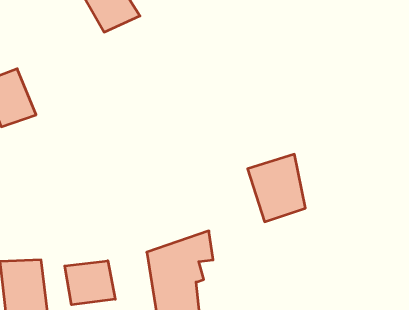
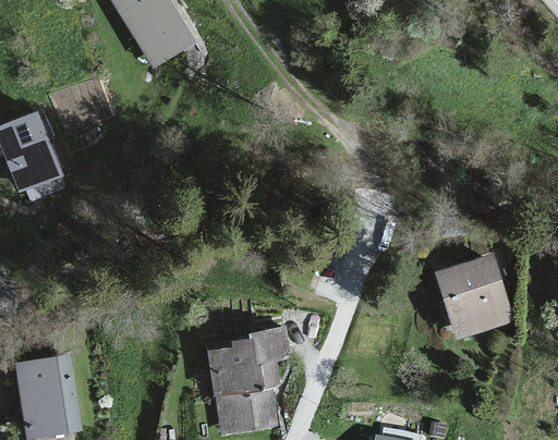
building: [248,154,305,222] -> [435,252,509,338]
building: [65,261,115,305] -> none

